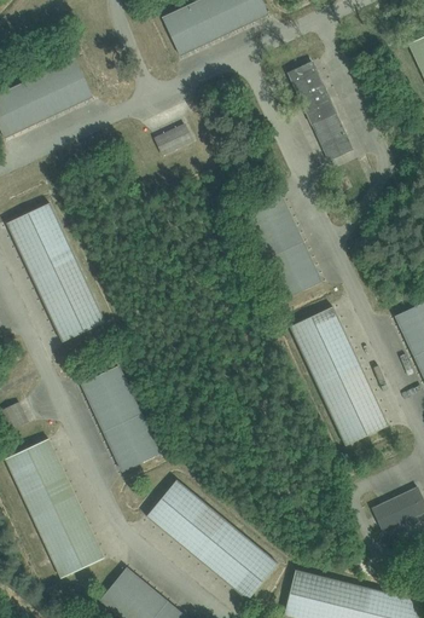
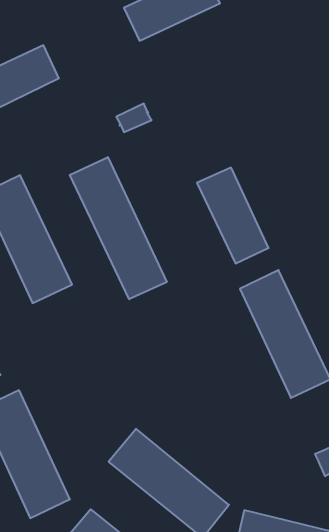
building: [289,59,353,161] -> none
building: none -> [70,157,167,299]
building: [82,365,159,472] -> none

